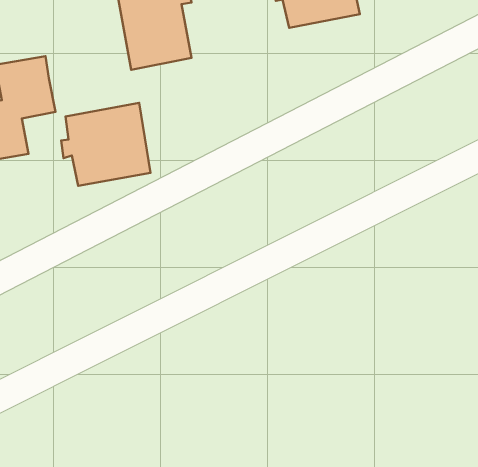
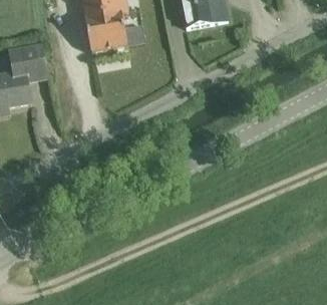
building: [61,103,150,186] -> none

